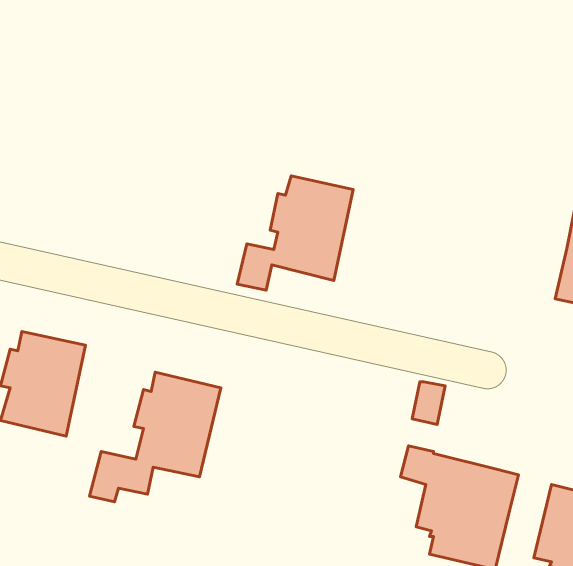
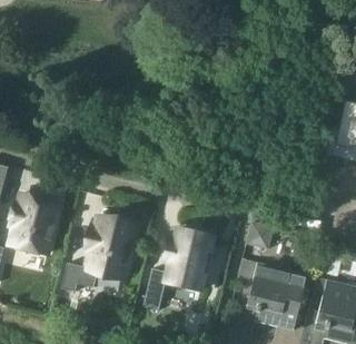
building: [237,176,353,290] -> [146,227,212,293]

